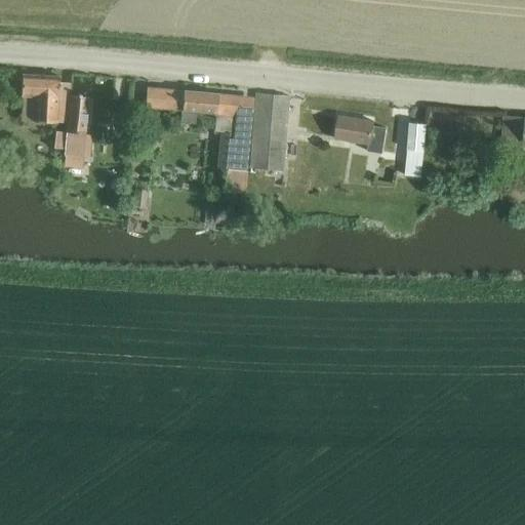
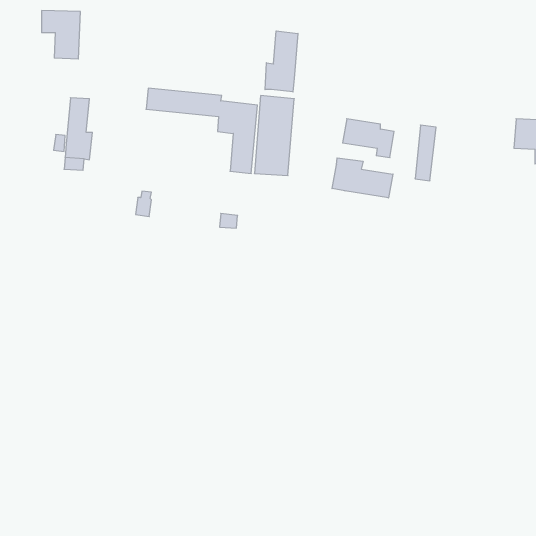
building: none -> [265,31,298,92]
building: [21,75,58,122] -> [42,11,80,59]
building: none -> [332,158,393,198]

